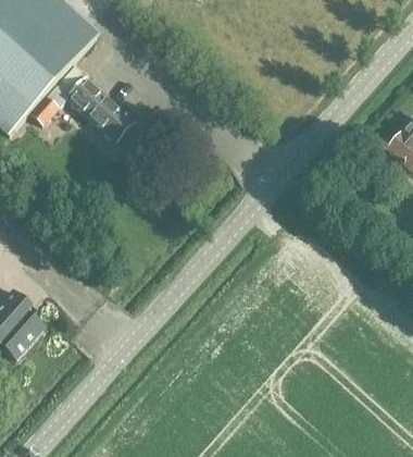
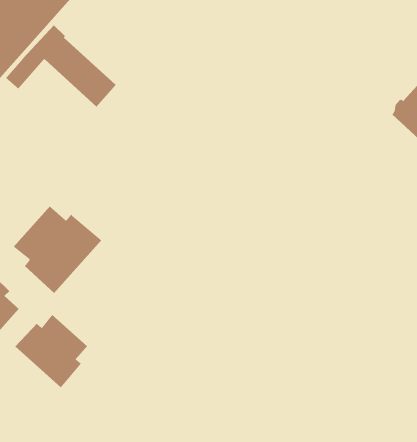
building: none -> [13,206,102,294]
building: none -> [15,314,88,388]

